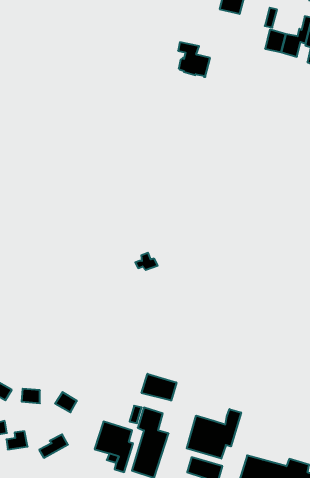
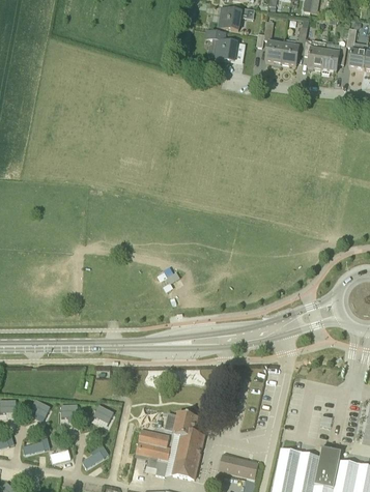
building: [178,42,210,77] -> [206,29,237,60]
building: [142,374,176,401] -> none
building: [187,409,241,459] -> none

